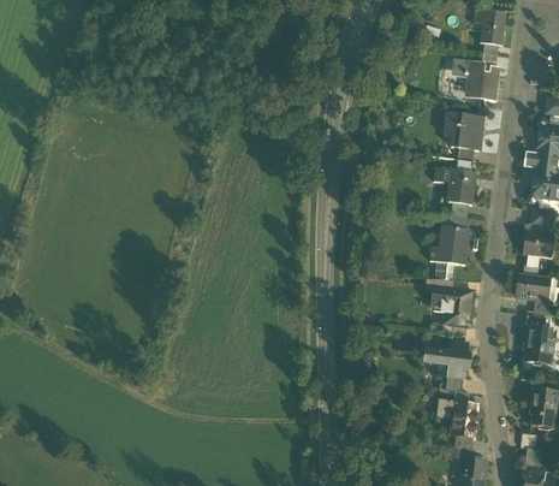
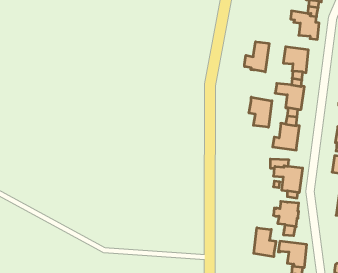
building: none -> [244,42,269,72]
building: none -> [249,97,272,127]
building: none -> [254,228,276,257]

